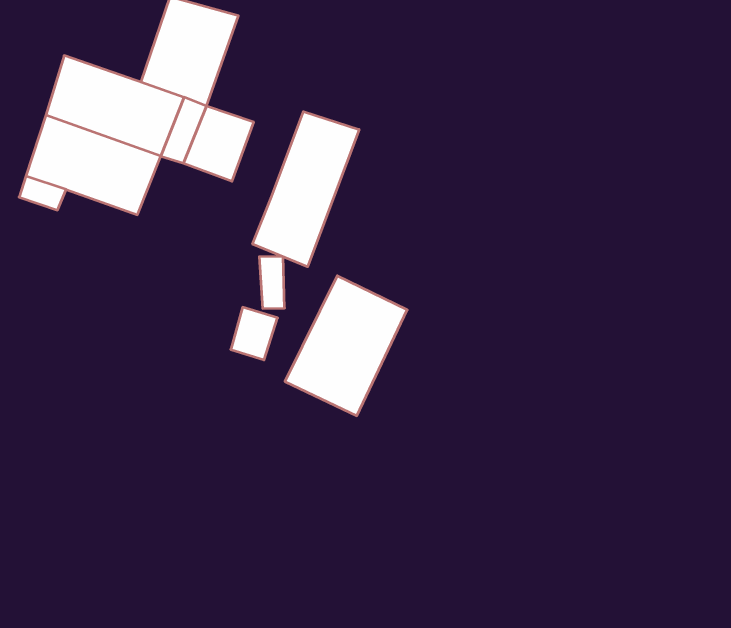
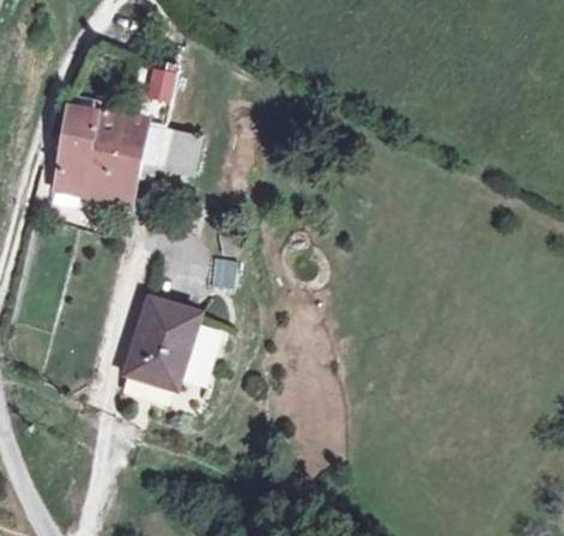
building: [253,112,359,267] -> none
building: [285,276,407,416] -> [125,298,198,388]

